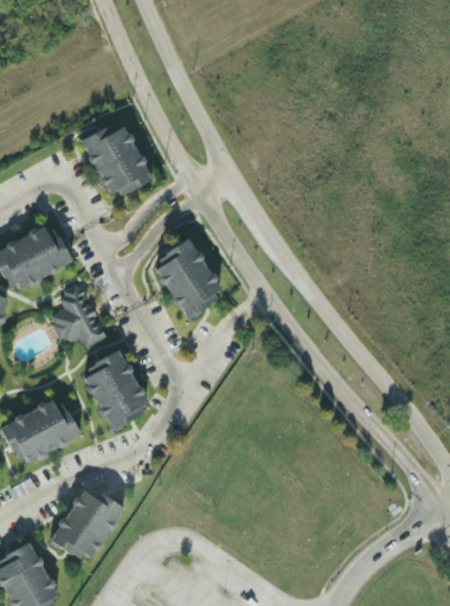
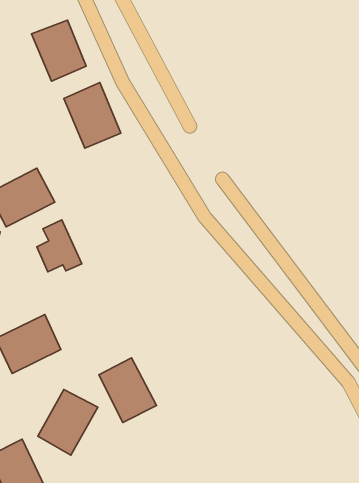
building: none -> [32,20,86,81]
building: [150,239,223,318] -> none
building: [81,352,149,428] -> [99,358,157,423]

